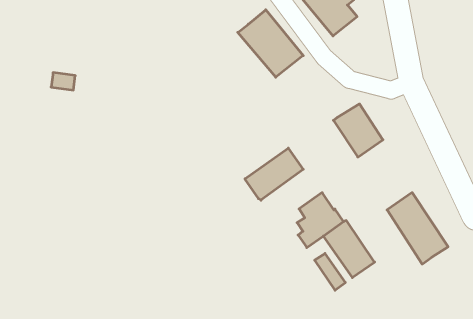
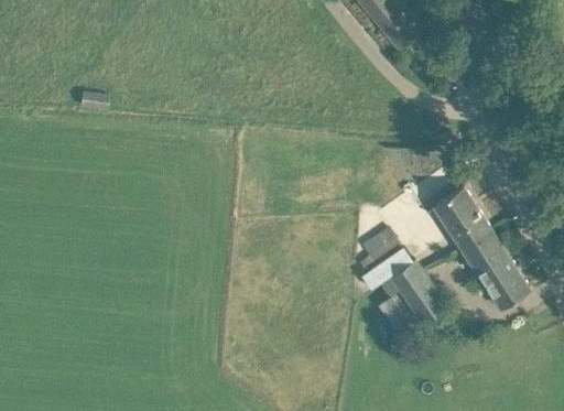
building: [238,10,303,77] -> none
building: [333,104,383,157] -> [433,186,489,247]
building: [245,148,303,200] -> none

